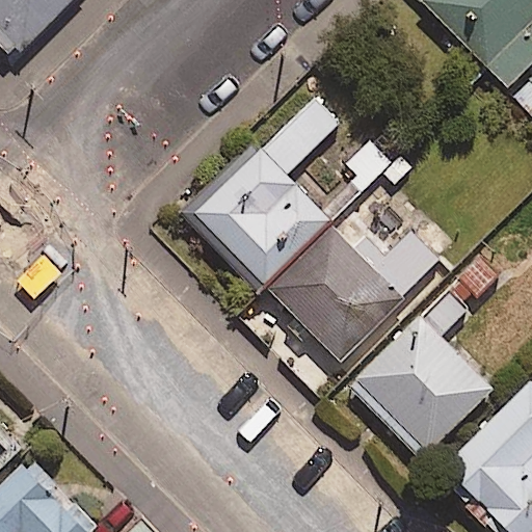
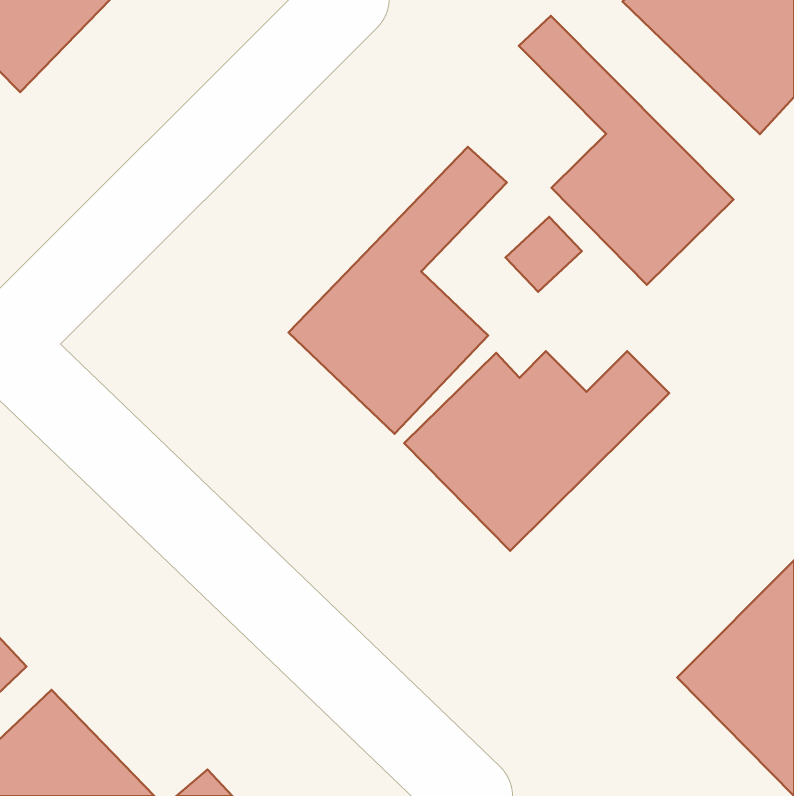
building: none -> [519,16,733,285]
building: [369,302,505,437] -> none

